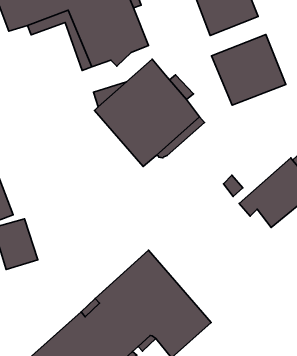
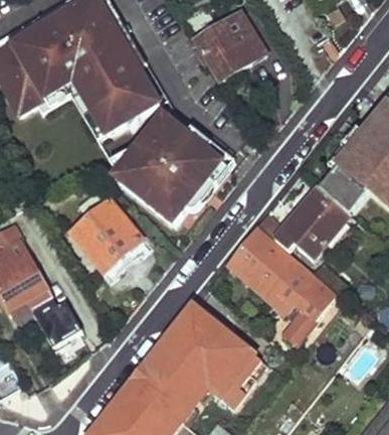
building: [212,35,286,105] -> none
building: none -> [69,197,141,268]
building: none -> [227,226,335,344]

